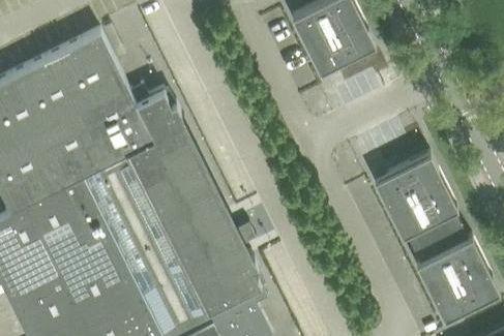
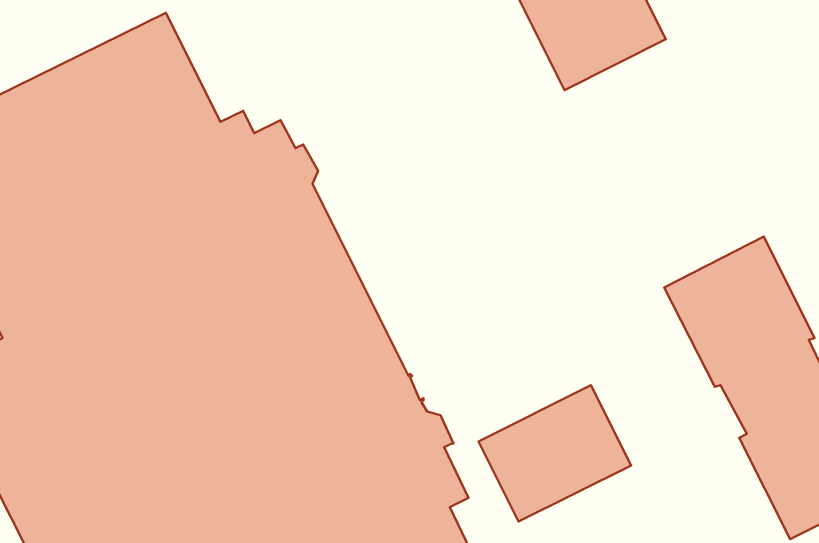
building: none -> [478,385,631,522]

